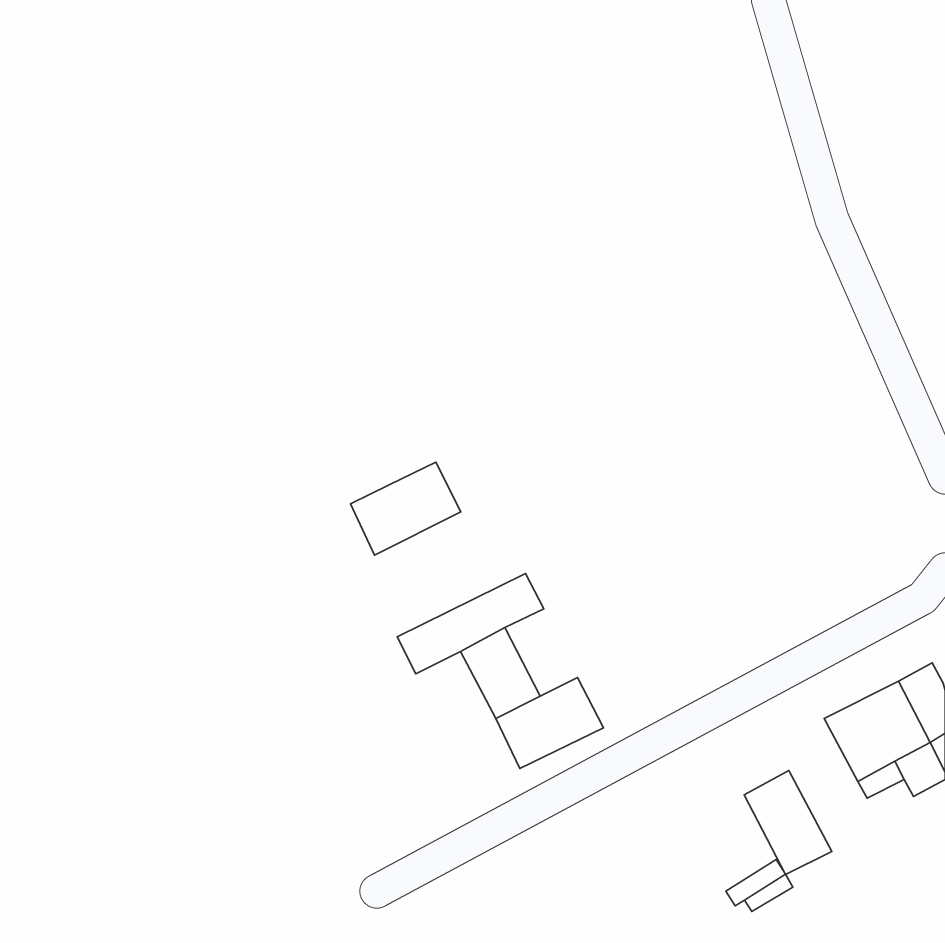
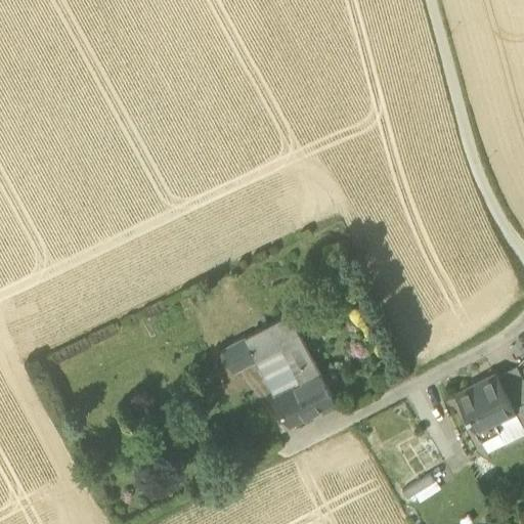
building: [350,462,461,555] -> none
building: none -> [278,339,318,387]
building: [744,770,832,875] -> none

